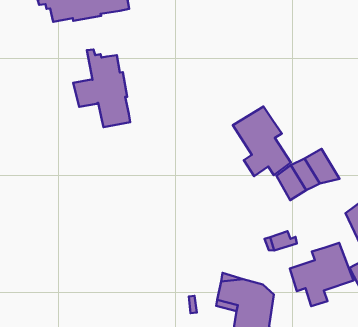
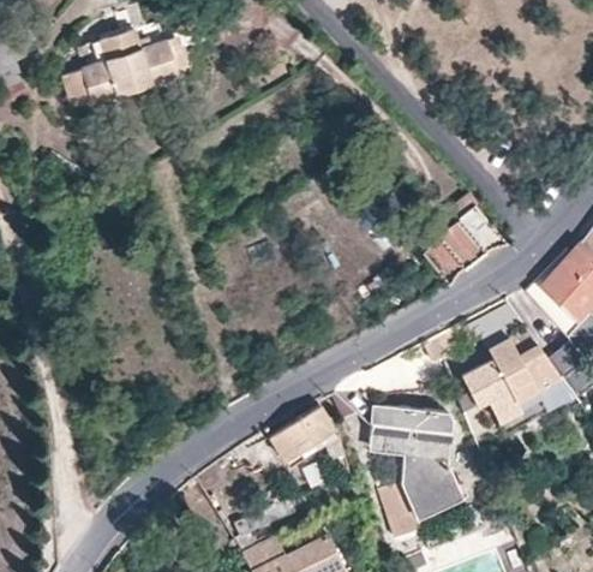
building: [73,50,130,127] -> none
building: [233,106,291,176] -> none
building: none -> [271,405,335,460]

